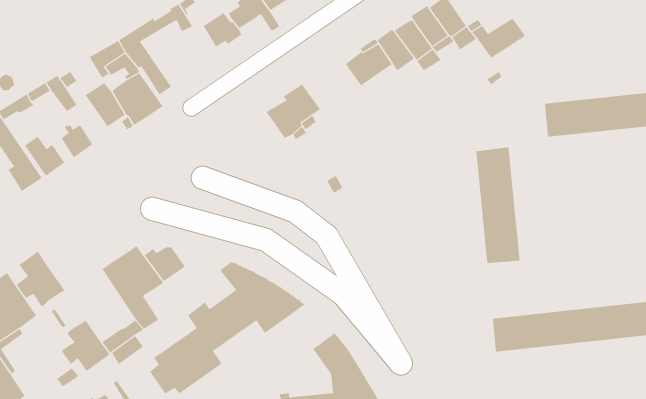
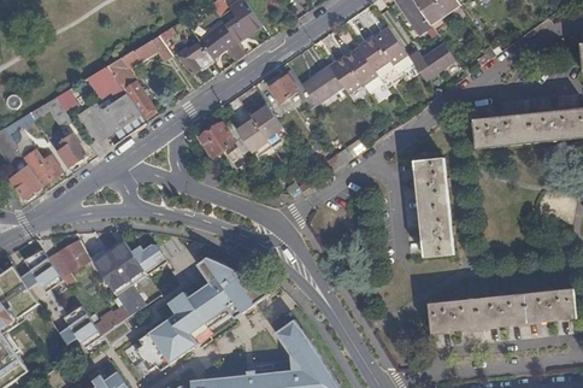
building: none -> [269,71,307,101]
building: none -> [192,123,241,161]
building: none -> [48,240,93,287]

